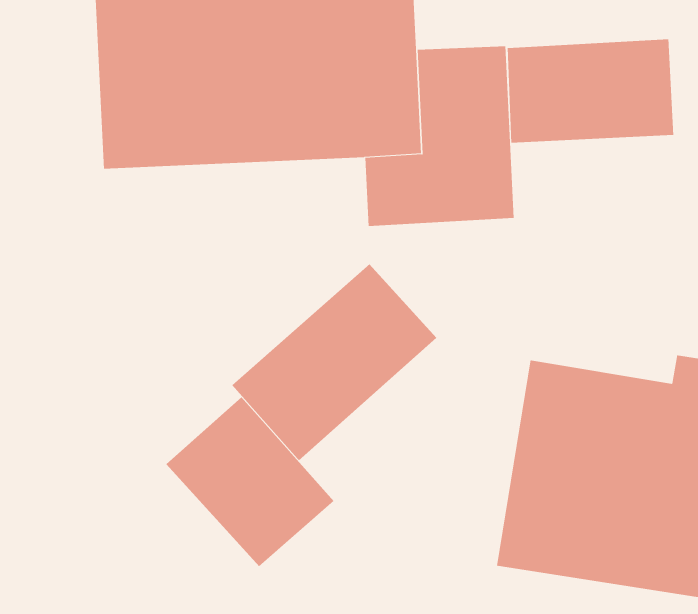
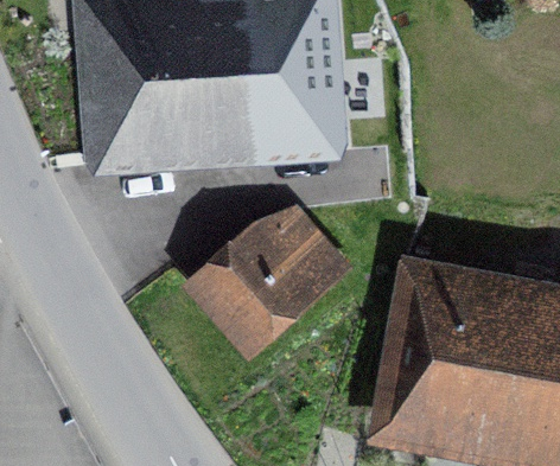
building: [507,38,674,144] -> none
building: [166,396,334,567] -> none

